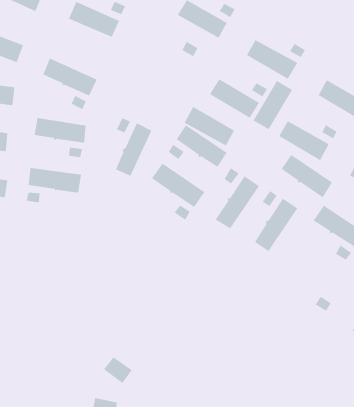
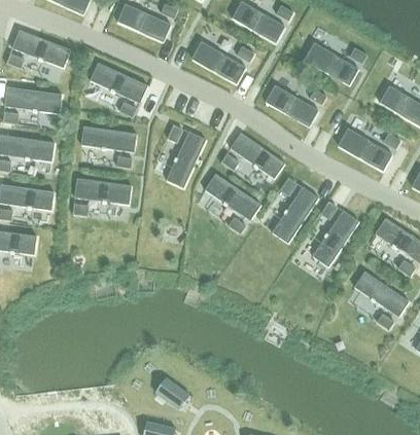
building: [253,80,293,130] -> none
building: [184,106,235,146] -> [191,41,245,83]
building: [281,154,333,198] -> [353,270,408,317]

